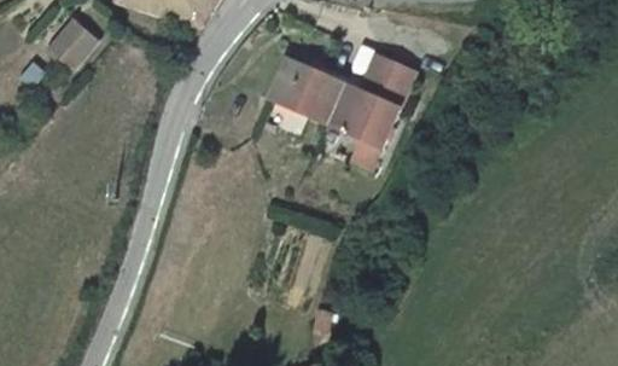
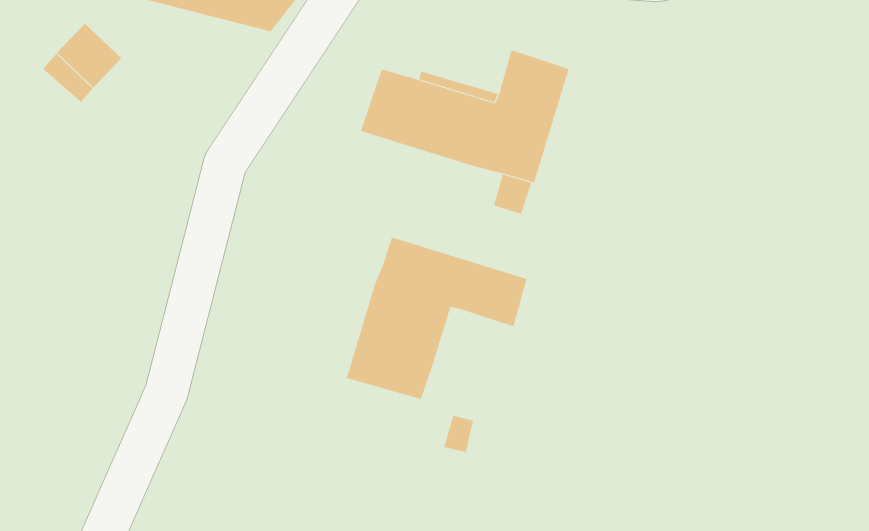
building: none -> [346,236,527,400]

